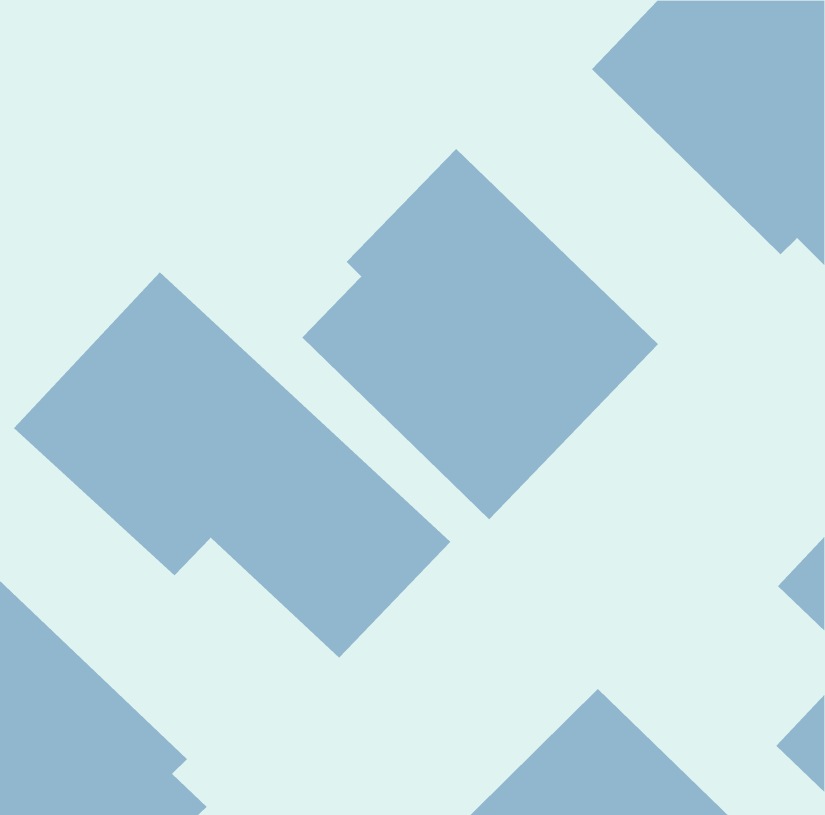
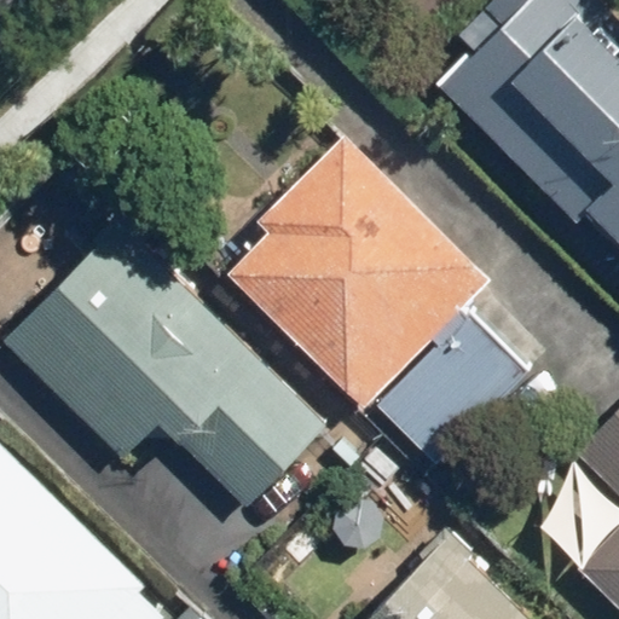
building: none -> [374,302,528,457]

